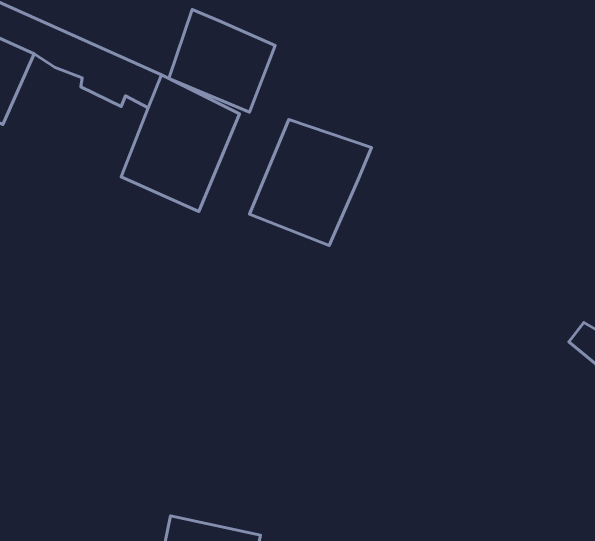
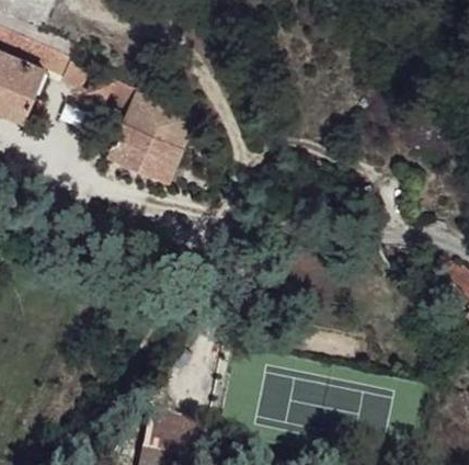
building: [169,9,275,112] -> none
building: [249,119,372,245] -> none

